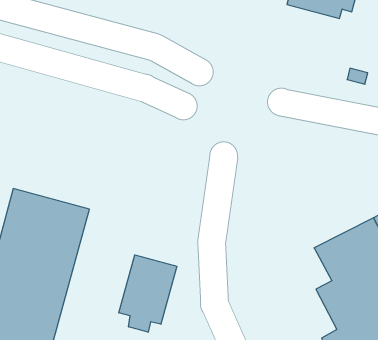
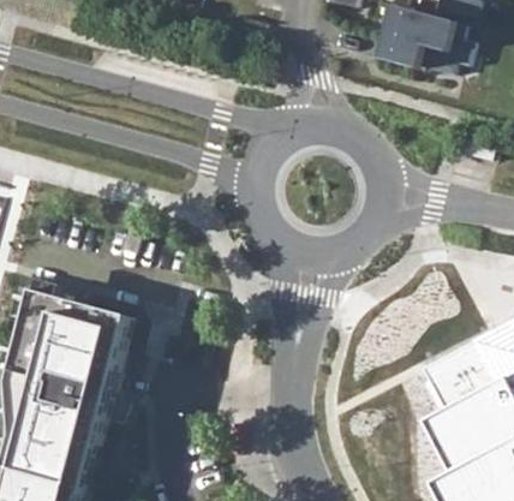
building: [119,255,177,332] -> none

